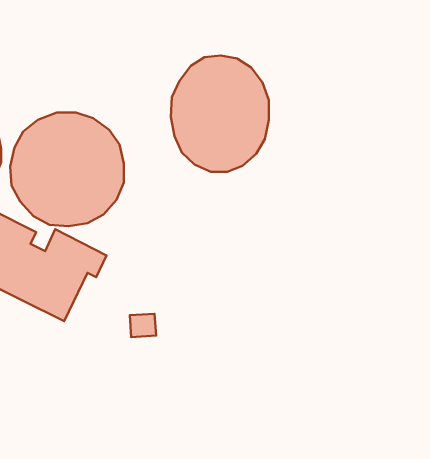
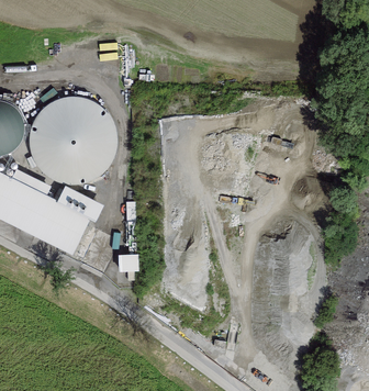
building: [171,56,269,172] -> none

